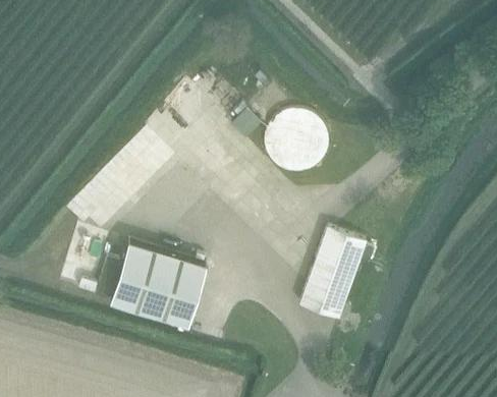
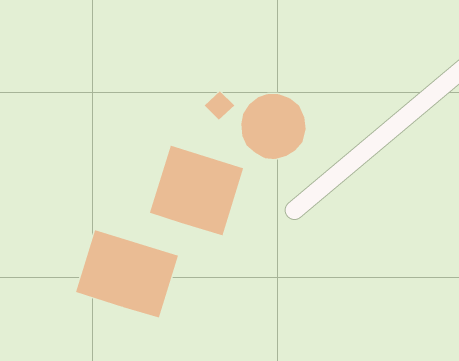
building: none -> [149,145,244,236]
building: [299,229,365,319] -> none

